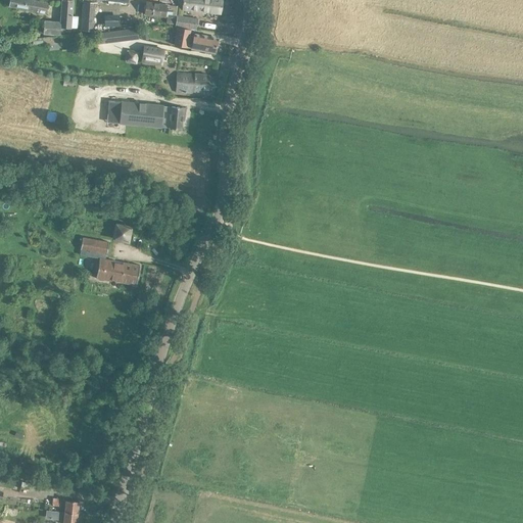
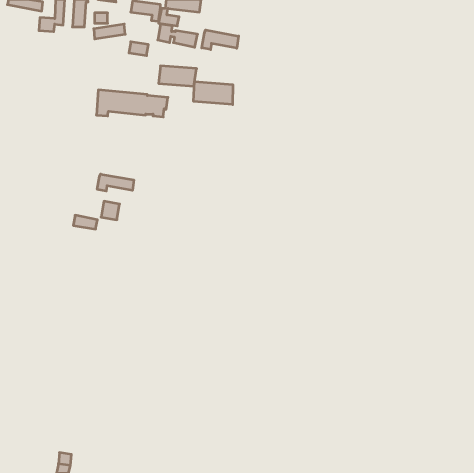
building: none -> [202,30,239,50]
building: none -> [194,82,233,105]
building: none -> [97,174,134,191]
building: [91,258,128,284] -> none

